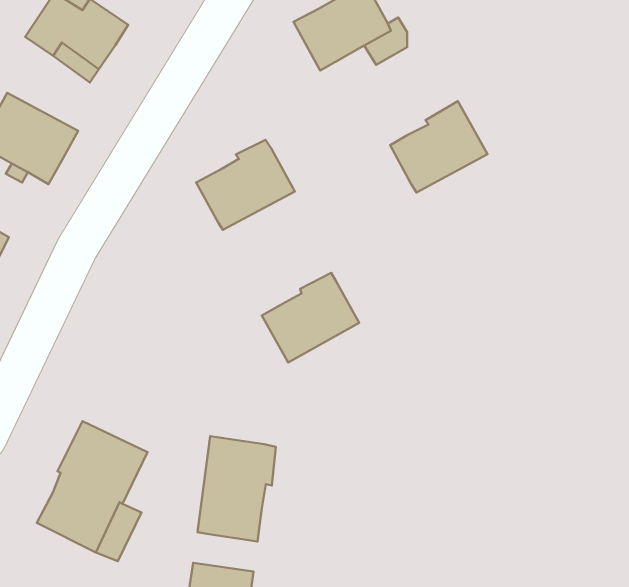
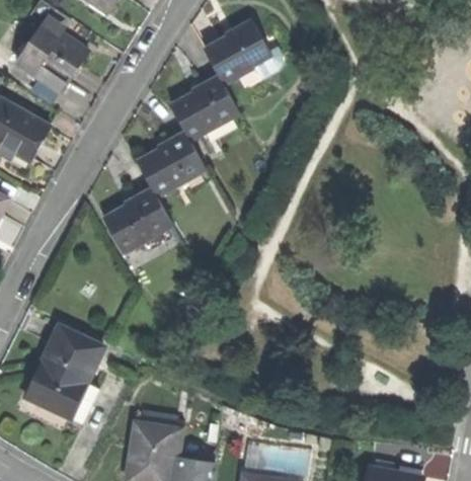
building: [390,101,487,192] -> [169,75,236,138]
building: [262,273,359,363] -> [103,188,170,250]
building: [198,436,276,541] -> none

